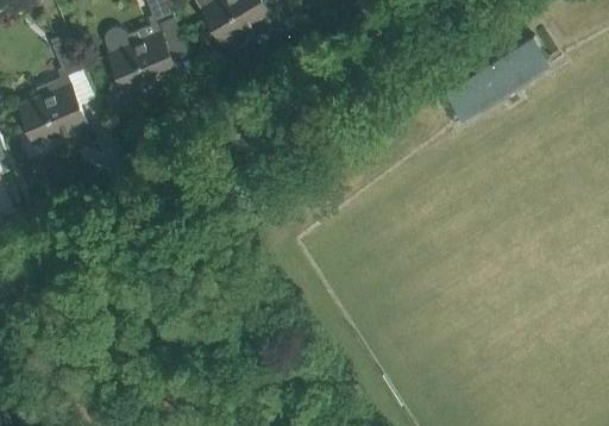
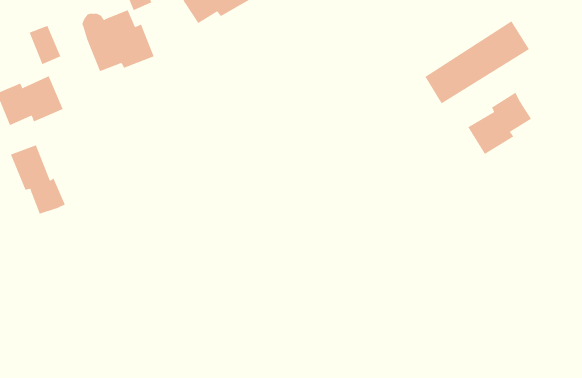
building: none -> [467,92,532,155]
building: none -> [10,145,65,214]

